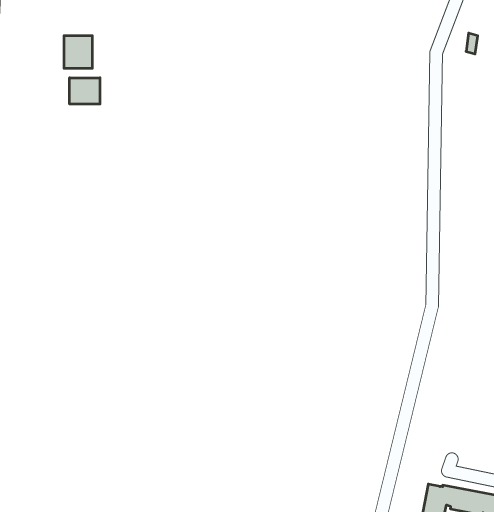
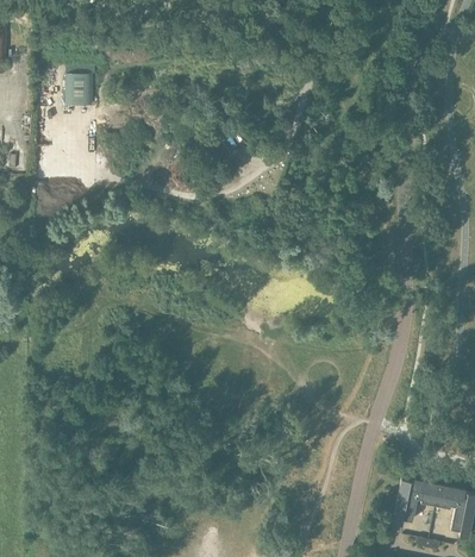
building: [70,78,100,104] -> none

